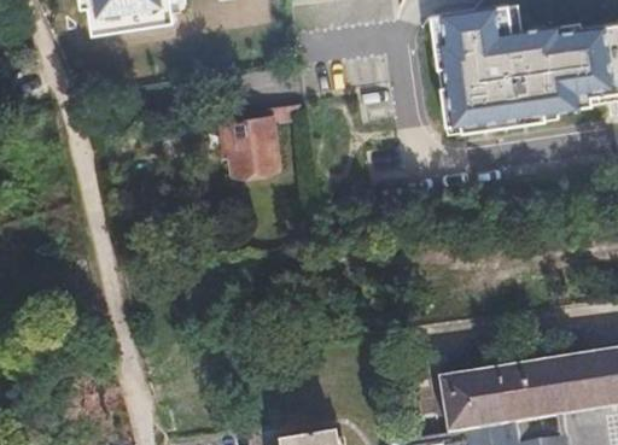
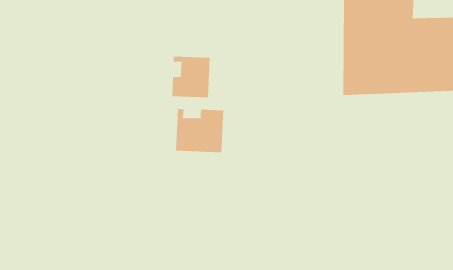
building: none -> [175,108,224,153]

